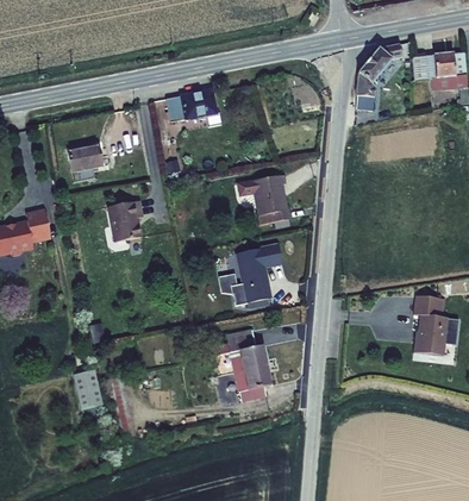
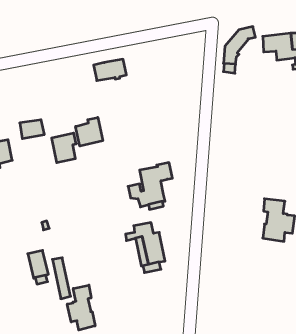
building: [67,143,102,170] -> [20,120,44,139]
building: [236,174,289,225] -> none
building: none -> [76,117,103,146]
building: none -> [67,285,95,330]

